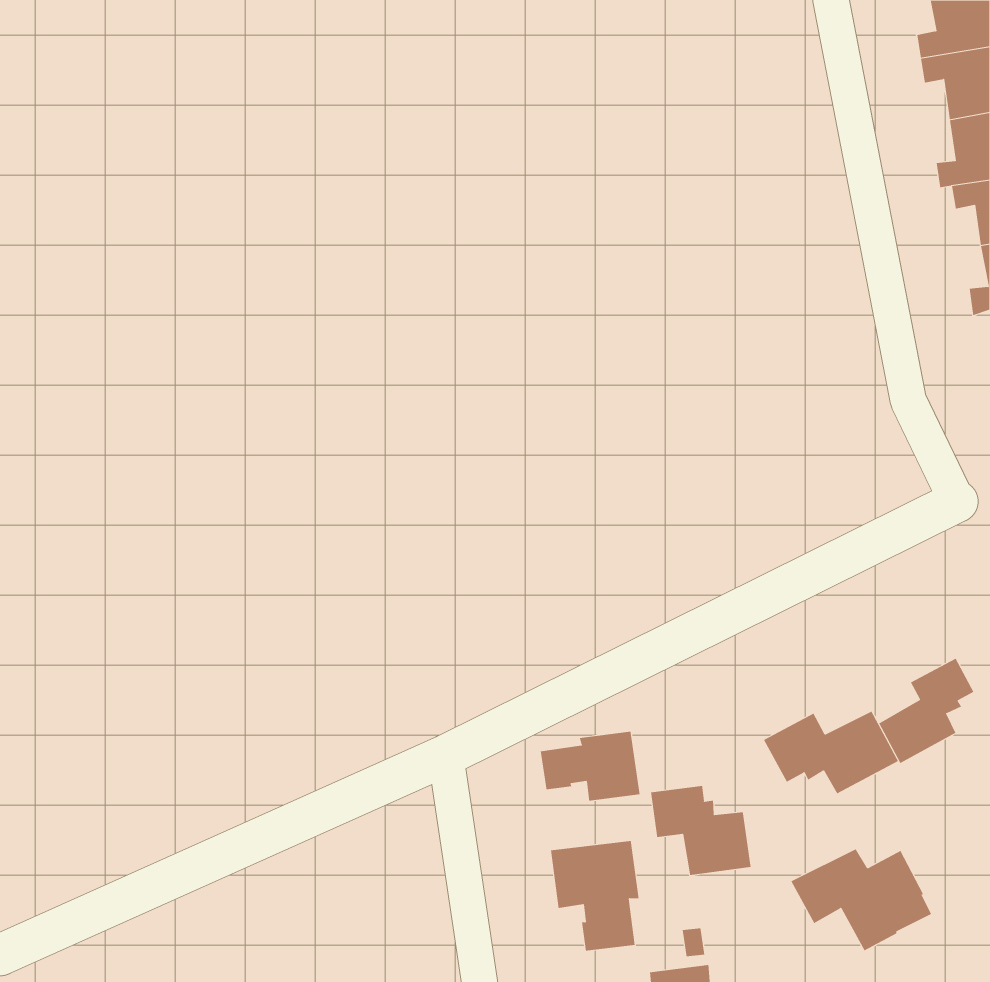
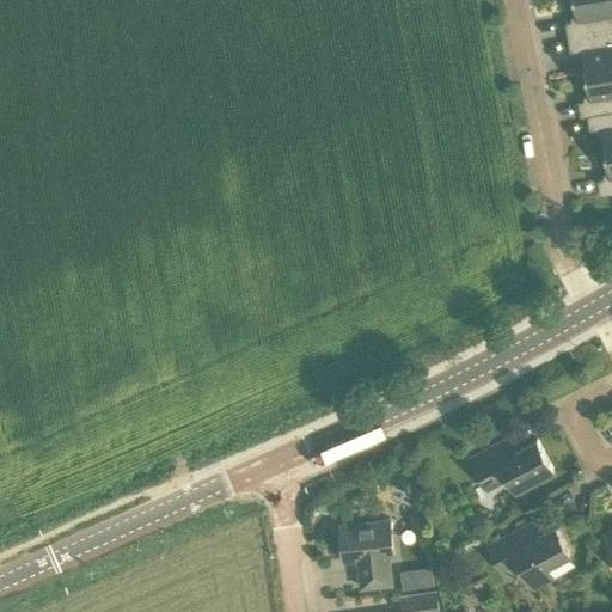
building: [878,658,974,764] -> none
building: [540,731,640,802] -> none
building: [651,785,751,876] -> none

